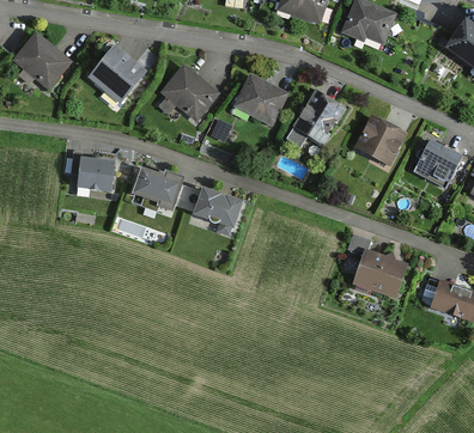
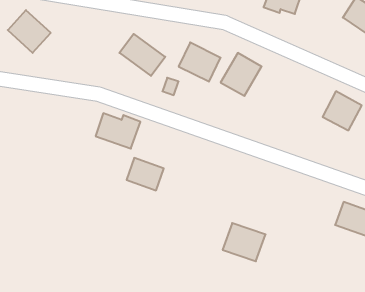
building: [89,49,145,105] -> none
building: [351,116,406,167] -> none
building: [72,153,117,188] -> none
building: [199,185,245,226] -> [127,158,164,190]
building: [356,246,409,294] -> [223,223,266,261]

